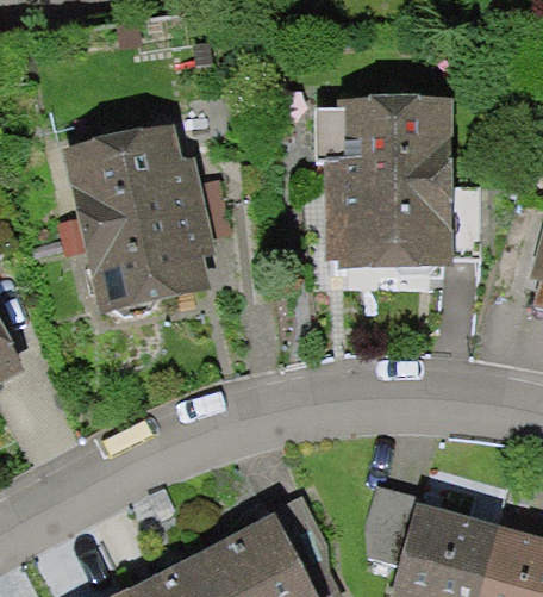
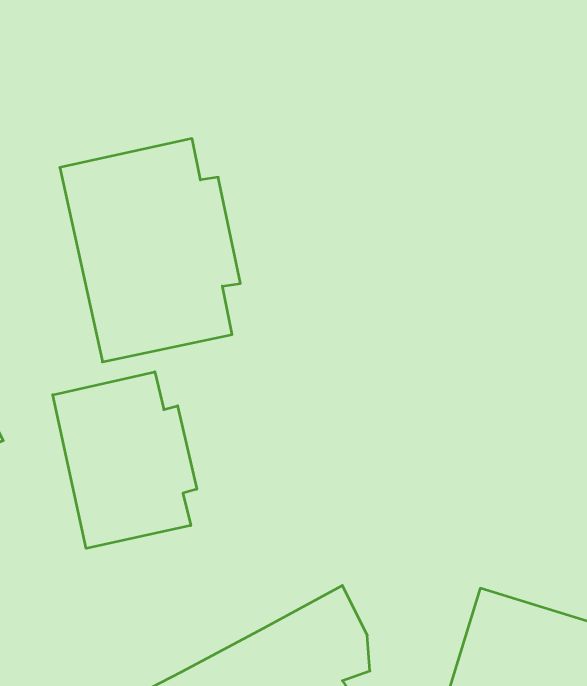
building: [313,97,454,267] -> none
building: none -> [53,372,197,548]

